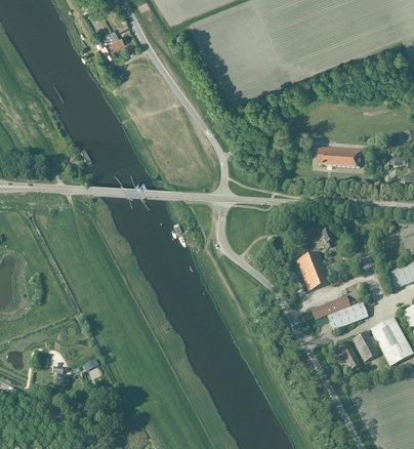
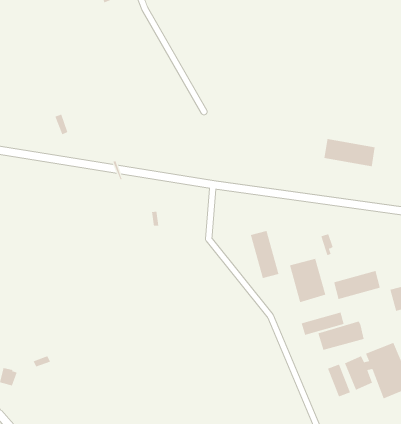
building: none -> [250,230,279,279]
building: none -> [334,270,381,300]

